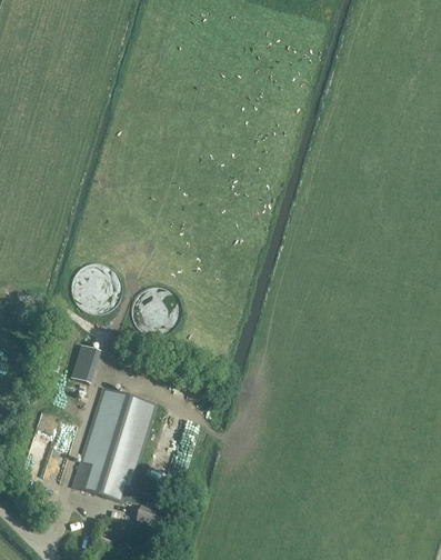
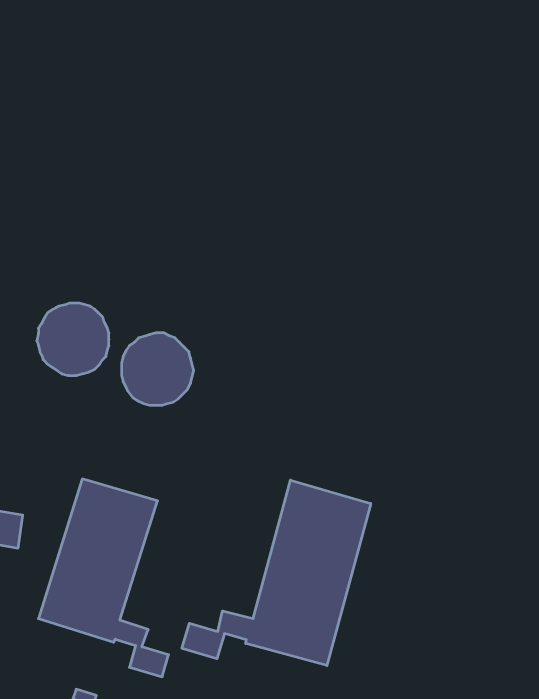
building: [71,346,100,384] -> none
building: none -> [182,480,371,666]

